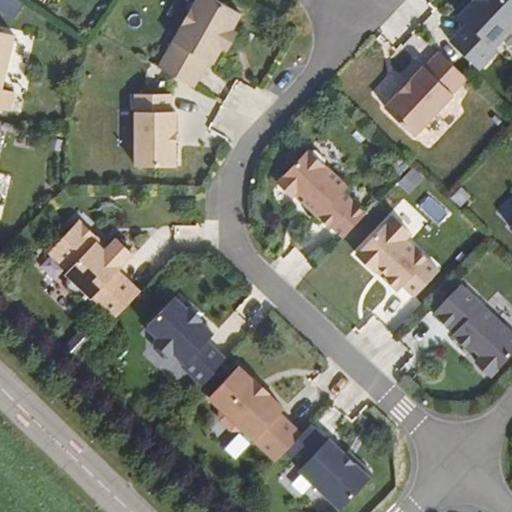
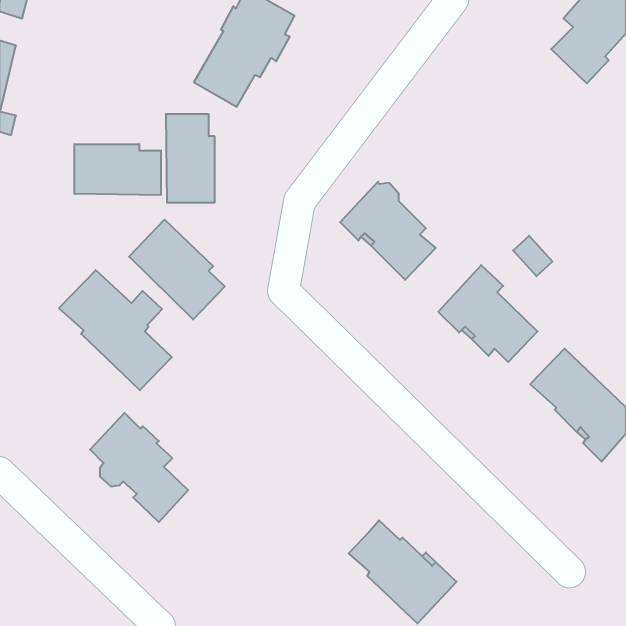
building: [385,52,466,135] -> none
building: none -> [74,144,161,195]
building: none -> [129,220,225,320]
building: [146,296,226,385] -> [90,413,188,522]
building: [208,365,301,460] -> none

